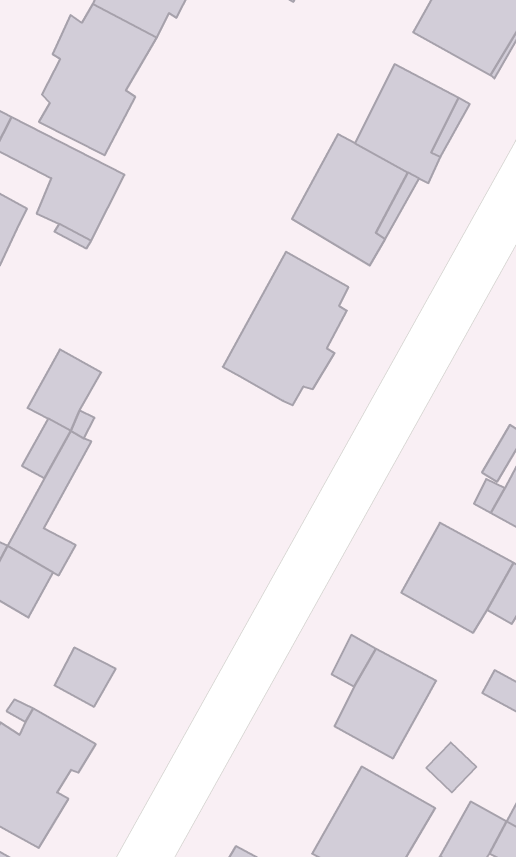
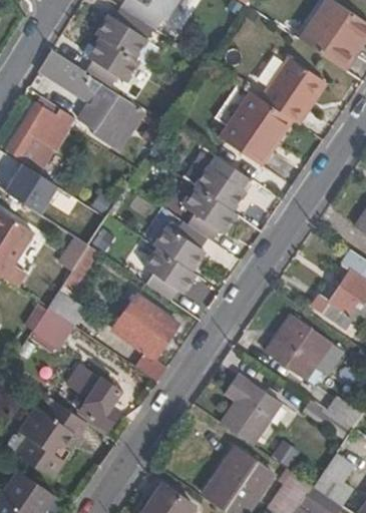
building: none -> [146,222,210,302]
building: none -> [112,295,178,382]
building: none -> [80,380,120,429]

